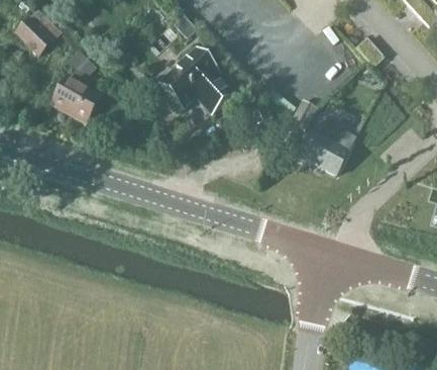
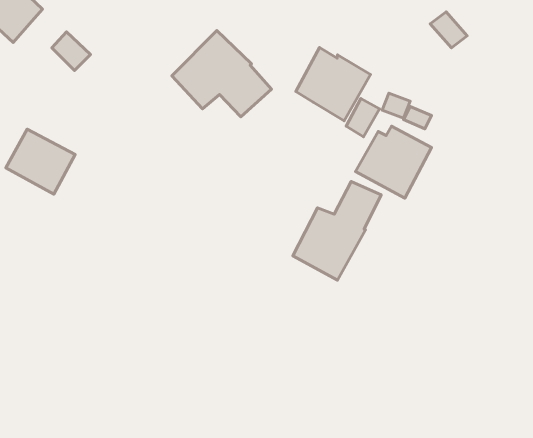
building: none -> [296,48,371,121]
building: [49,74,102,123] -> [6,129,75,194]
building: none -> [293,181,381,280]

